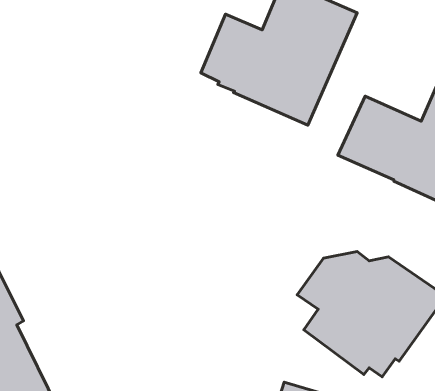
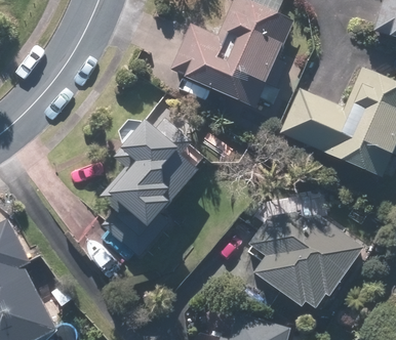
building: none -> [103,119,200,259]

